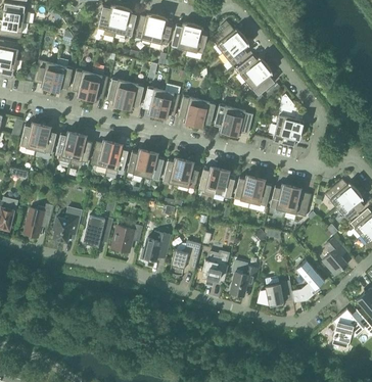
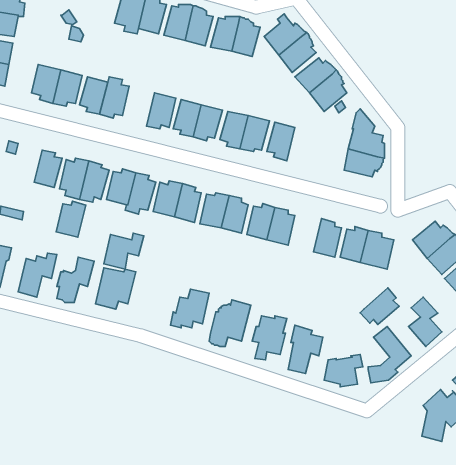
building: [106,78,128,107] -> none
building: [229,108,253,136] -> none
building: [19,123,42,150] -> [56,201,86,237]
building: [234,176,255,203] -> none
building: [112,225,143,252] -> [104,233,144,269]
building: none -> [360,288,399,325]

